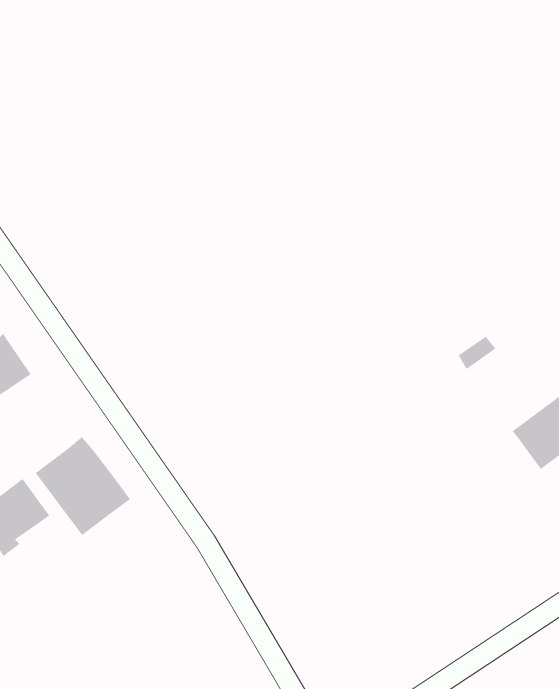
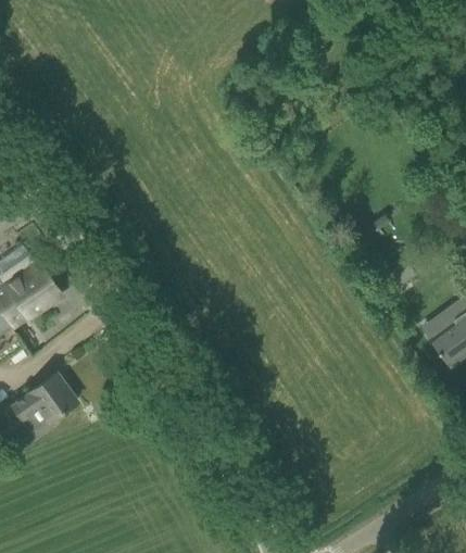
building: [35,436,131,536] -> none

